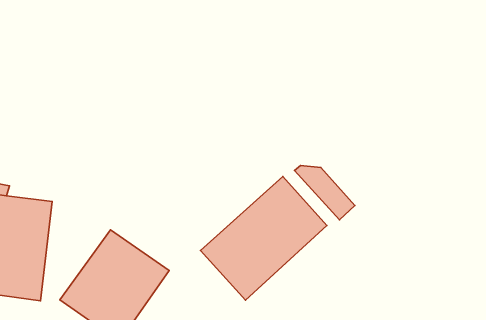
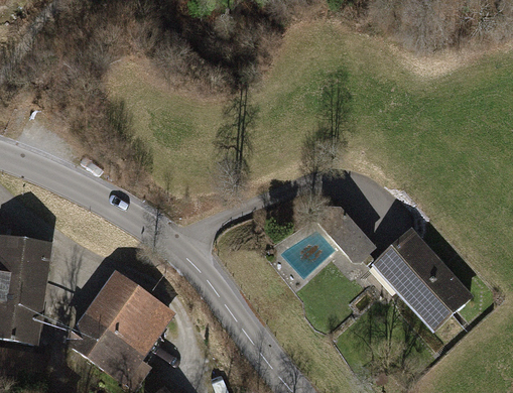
building: [200,177,327,300] -> none
building: none -> [371,231,465,326]

